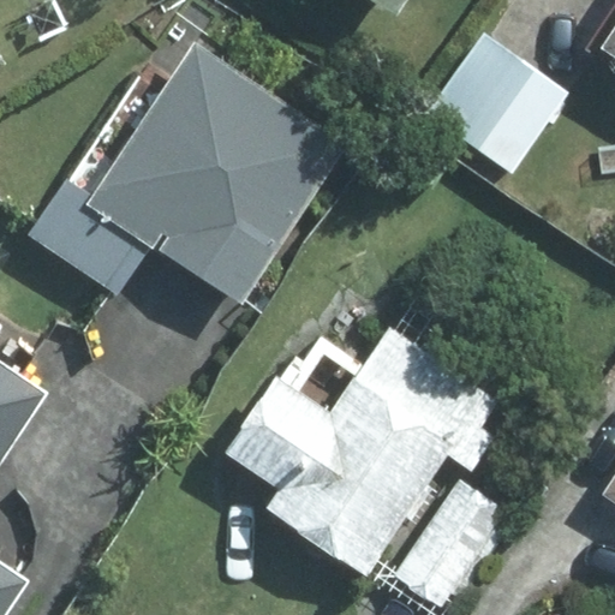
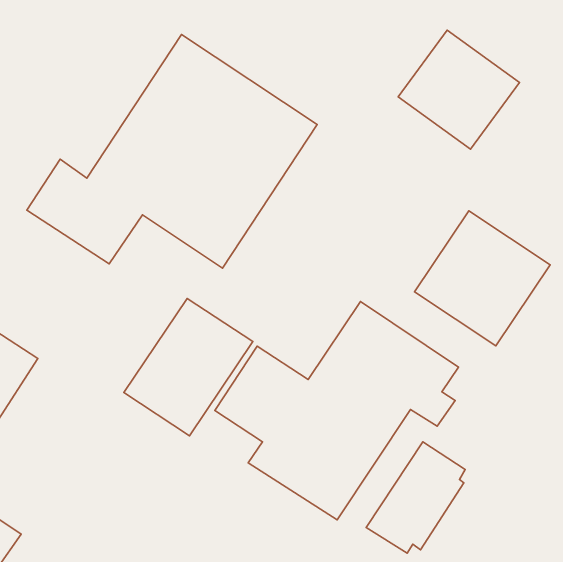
building: none -> [414,211,550,346]
building: none -> [124,298,253,436]

